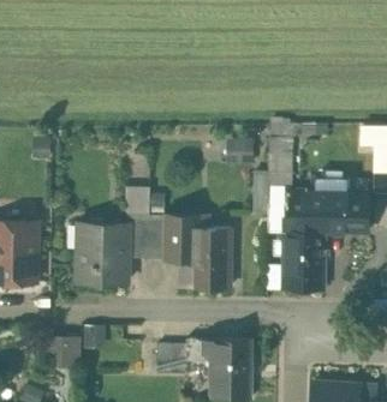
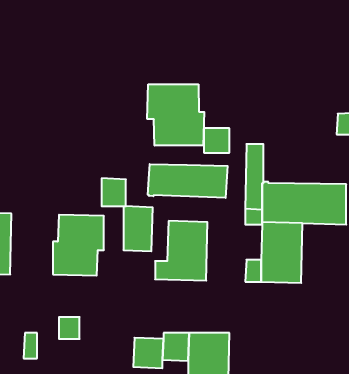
building: none -> [147,84,204,146]
building: none -> [148,164,228,198]
building: [127,214,148,257] -> none

